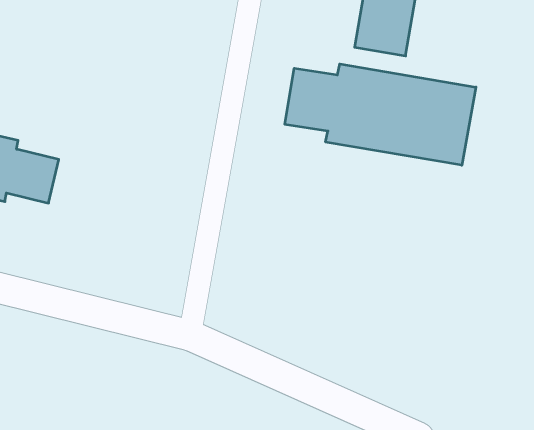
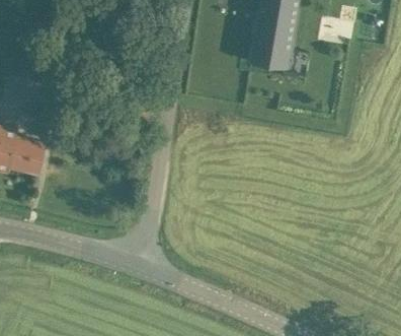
building: [285,64,476,165] -> none

